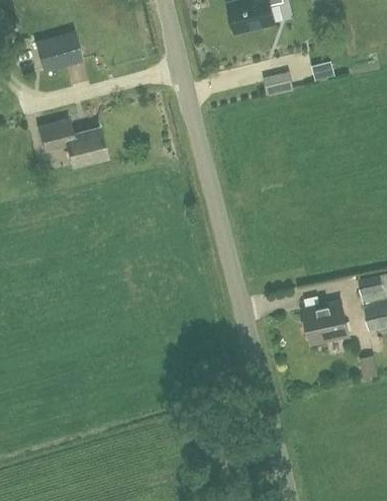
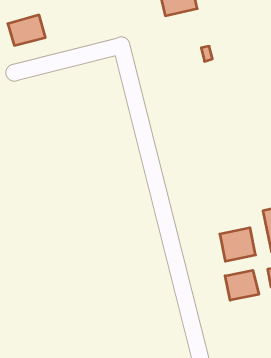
building: [37,118,105,165] -> none
building: none -> [225,270,259,300]

